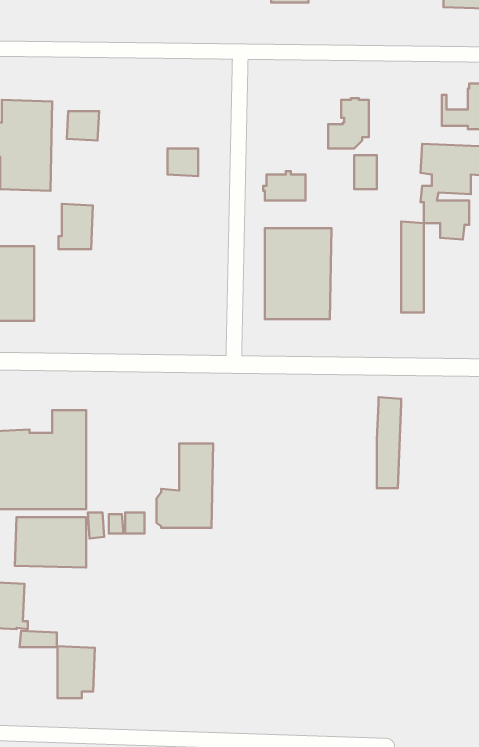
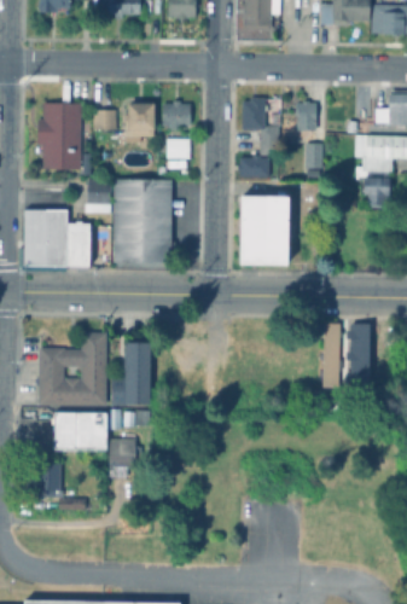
building: none -> [242,97,277,155]
building: none -> [163,100,191,126]
building: none -> [126,103,156,137]
building: none -> [112,180,171,262]
building: [401,222,424,313] -> [351,323,368,390]
building: none -> [68,223,89,267]
building: [156,443,213,528] -> [109,342,151,405]
building: [58,646,95,698] -> [109,436,136,475]

